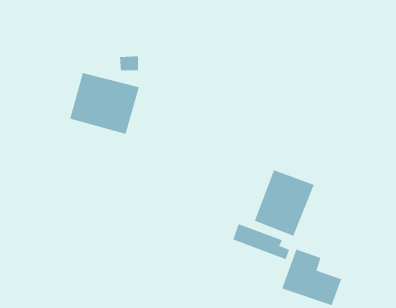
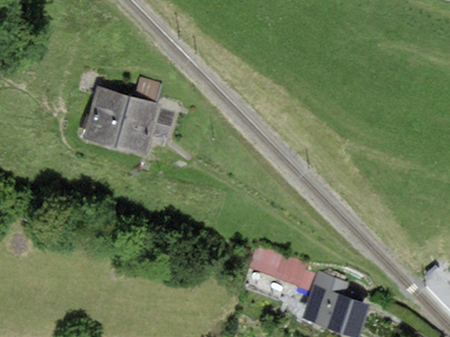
building: [254,169,315,237] -> none

